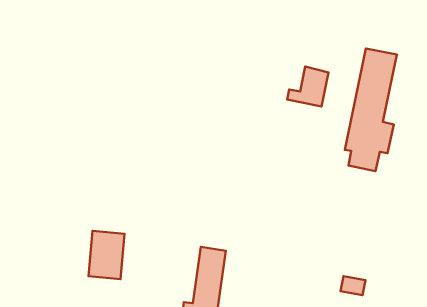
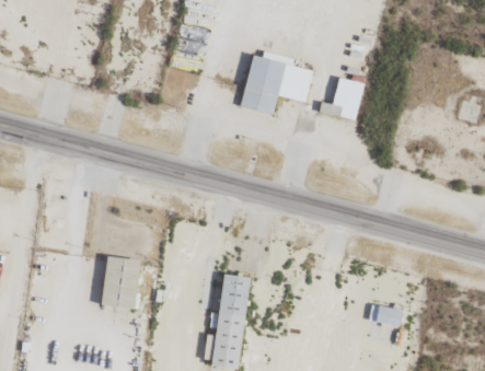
building: none -> [240,51,314,114]
building: [345,48,397,171] -> none

